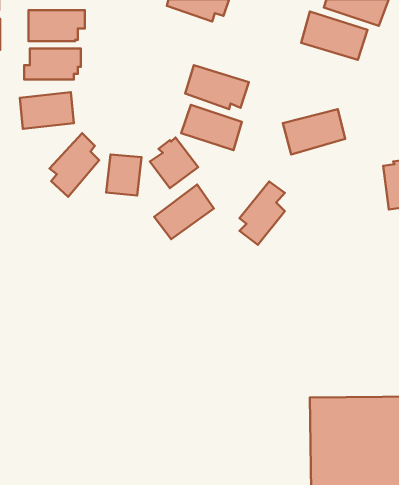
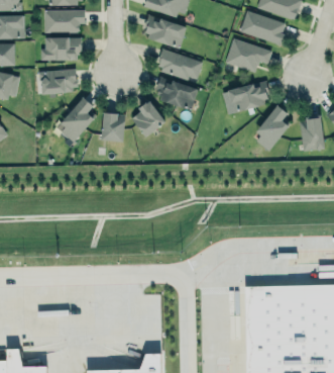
building: none -> [143,13,186,49]
building: none -> [224,37,271,72]
building: [240,181,285,245] -> [255,105,288,151]
building: [154,185,214,239] -> none

